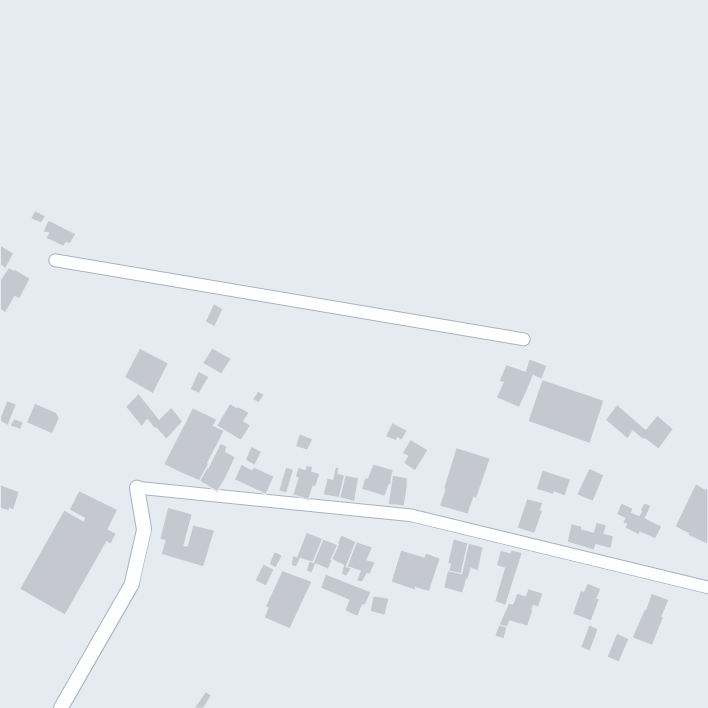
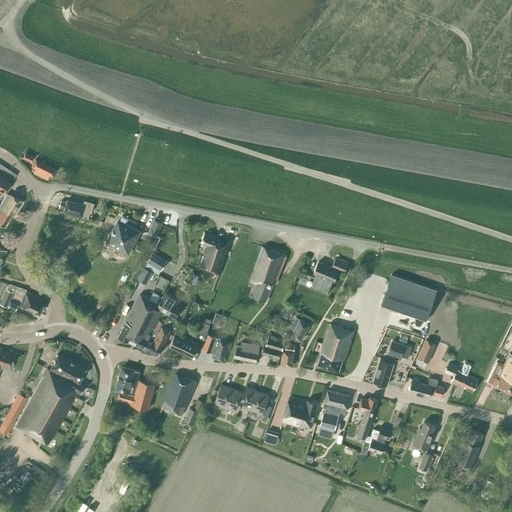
building: none -> [58,199,92,218]
building: none -> [198,233,229,274]
building: none -> [249,246,286,301]
building: [124,348,169,394] -> [107,220,139,253]
building: [496,359,547,407] -> [311,257,348,292]
building: [125,393,183,439] -> none
building: [605,404,674,450] -> none
building: [264,570,312,629] -> [162,373,197,415]
building: [320,574,371,617] -> none

